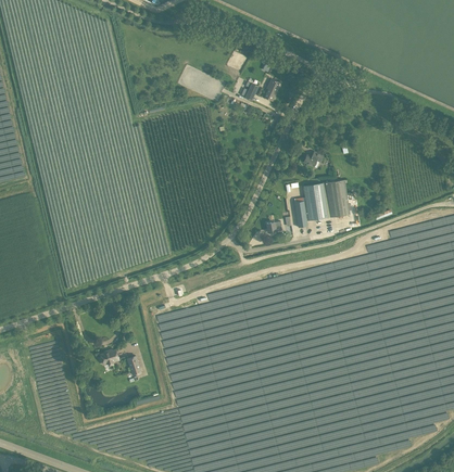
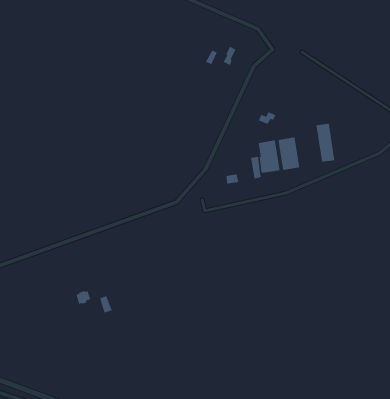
building: none -> [315,123,335,163]

